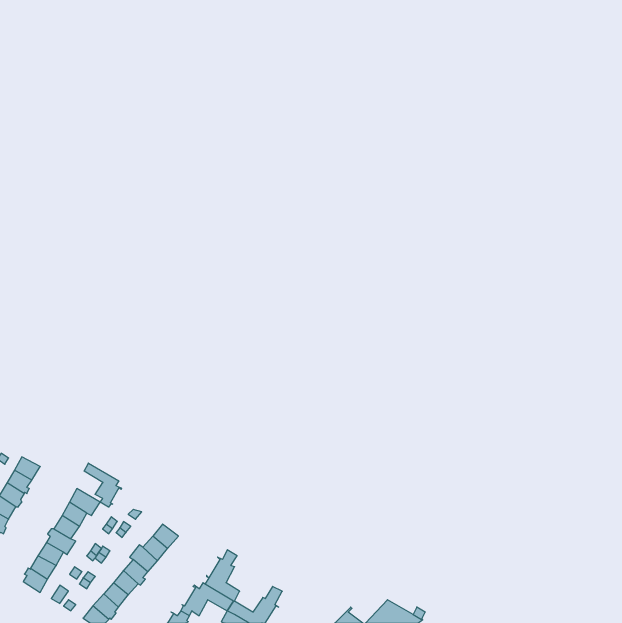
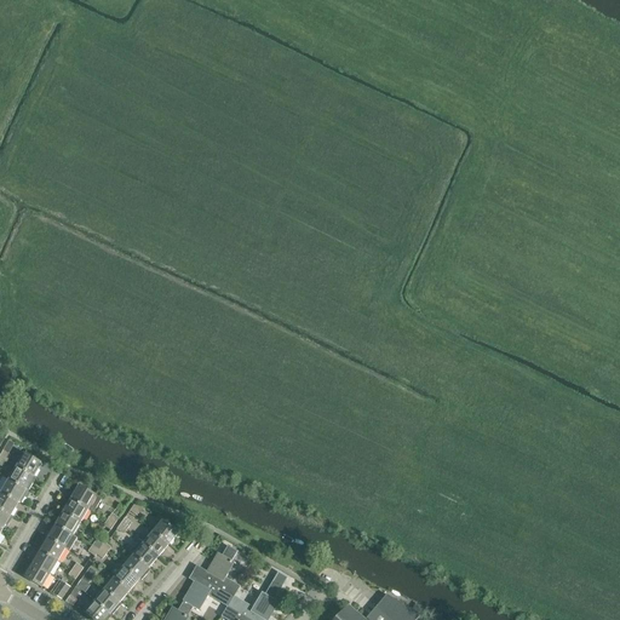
building: [84,463,121,507] -> none

